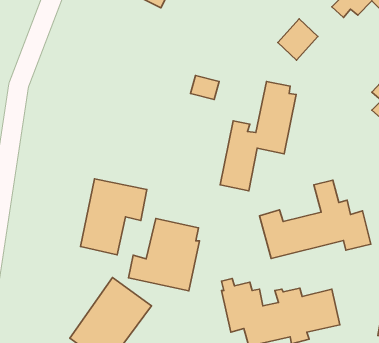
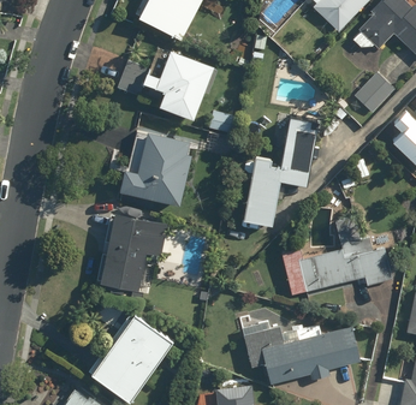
building: none -> [117,50,209,119]
building: [278,19,318,60] -> [355,71,396,113]
building: [128,218,200,291] -> [117,132,189,206]

